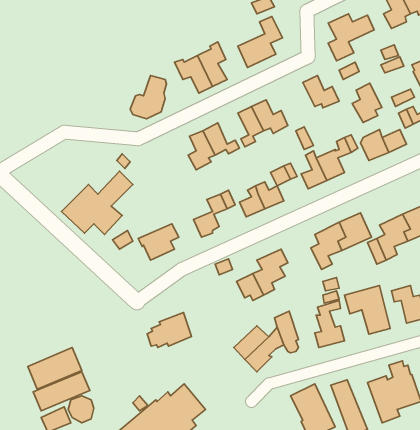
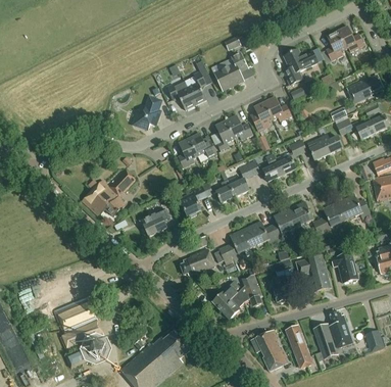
building: [352,83,382,122] -> [251,100,274,130]
building: none -> [247,221,279,247]
building: [147,312,192,347] -> [181,248,214,275]

